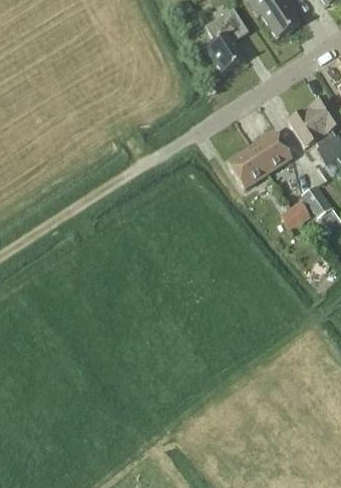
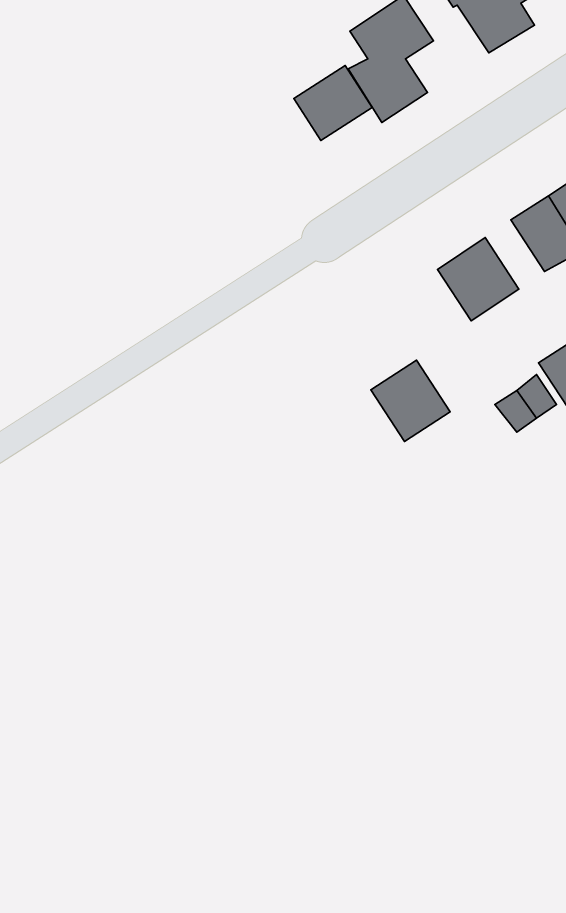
building: none -> [294,66,372,140]
building: [227,146,267,187] -> [371,360,450,441]

